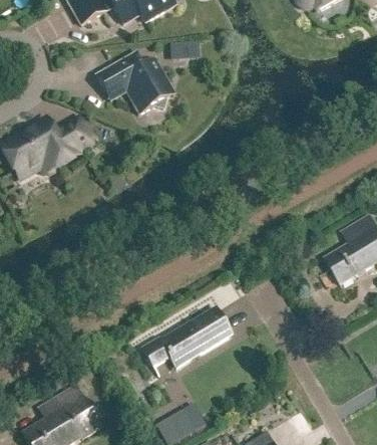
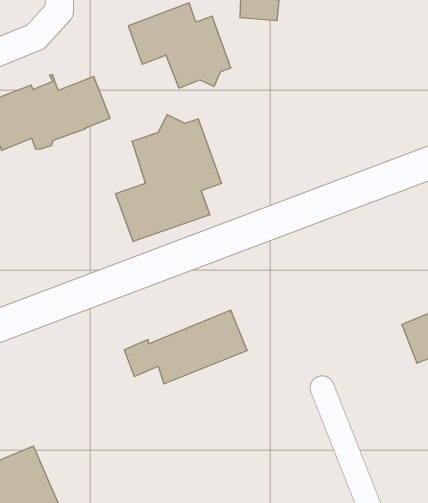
building: none -> [116,114,222,242]
building: [141,306,230,367] -> [124,310,247,384]

